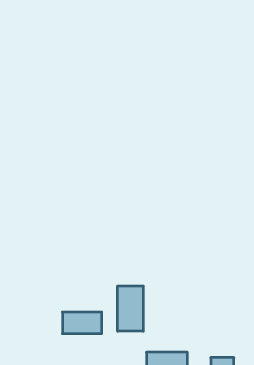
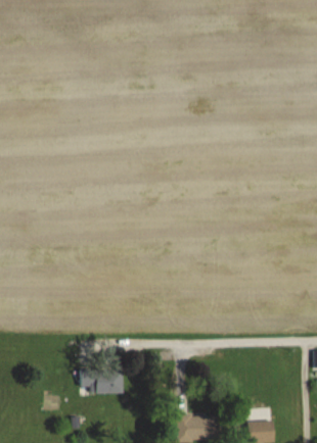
building: [118,286,143,331] -> none

